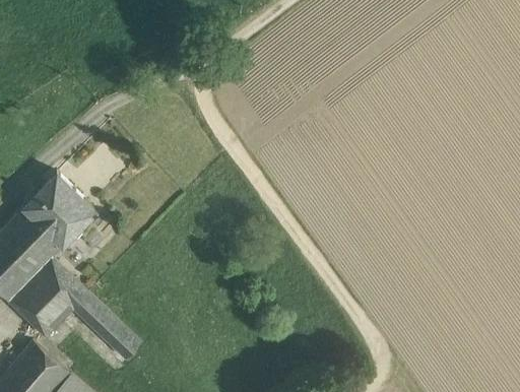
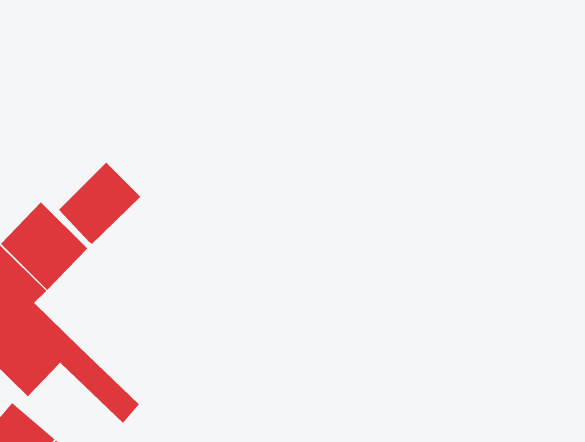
building: none -> [58,162,141,245]

